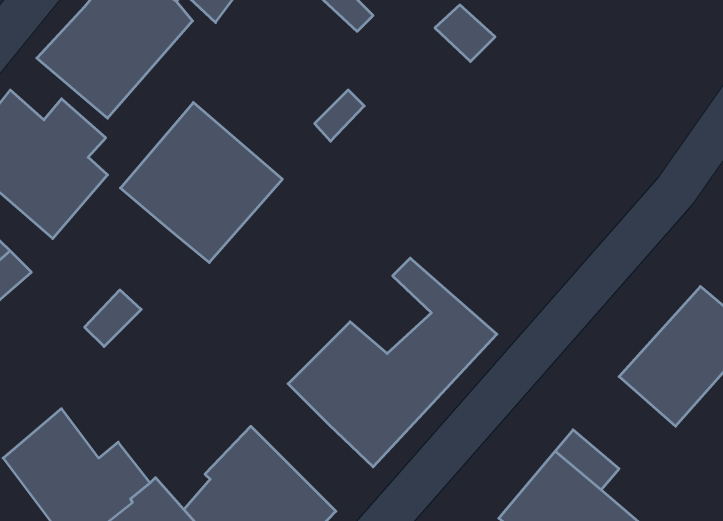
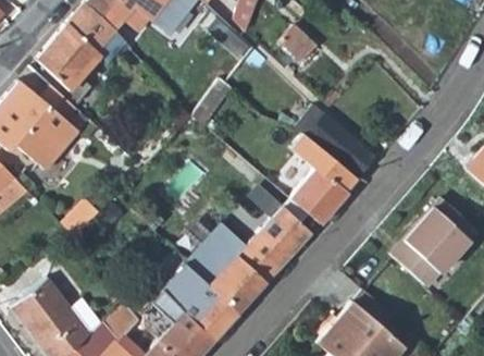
building: [120,102,282,263] -> none
building: none -> [291,133,359,223]
building: none -> [165,260,240,339]

